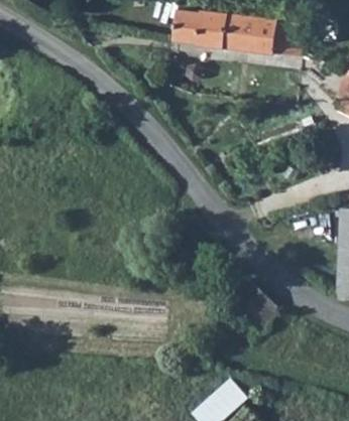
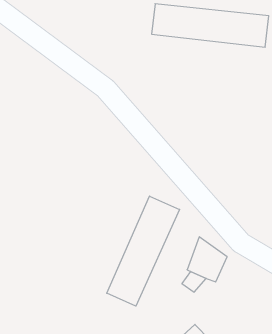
building: none -> [107,196,180,306]

